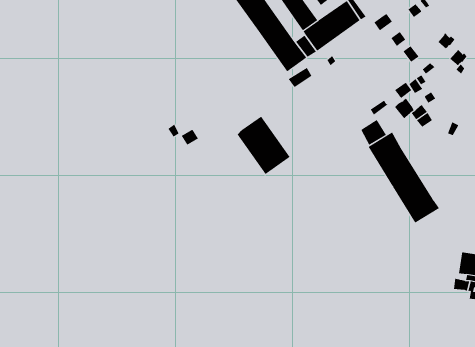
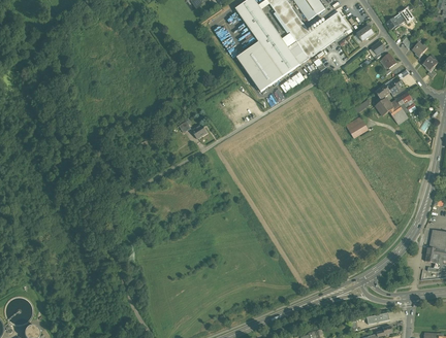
building: [236,116,290,175] -> [236,40,283,91]
building: [368,131,440,223] -> none

